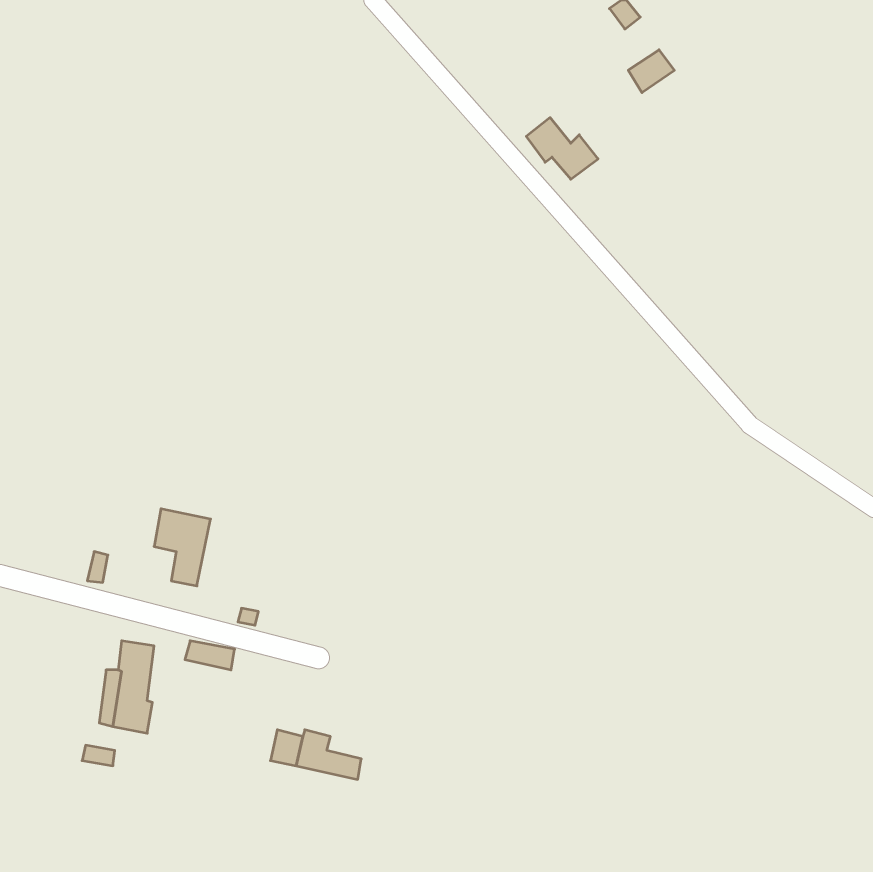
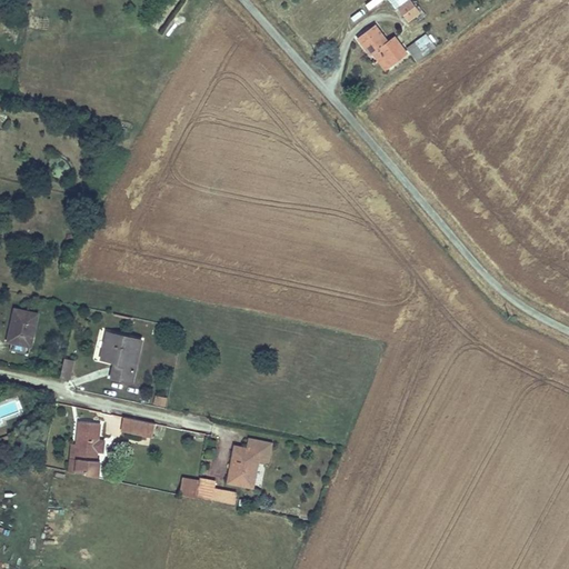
building: [526,118,598,179] -> [358,27,405,67]
building: none -> [7,309,34,355]
building: none -> [230,436,272,483]

